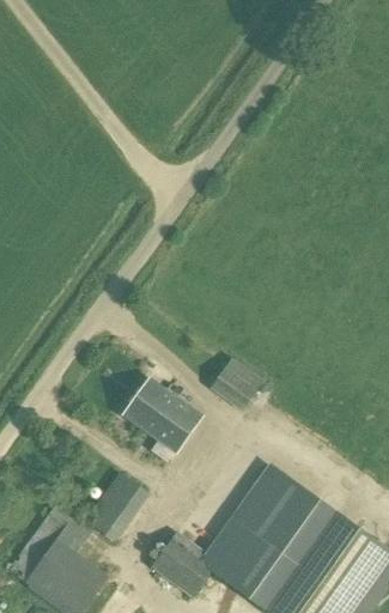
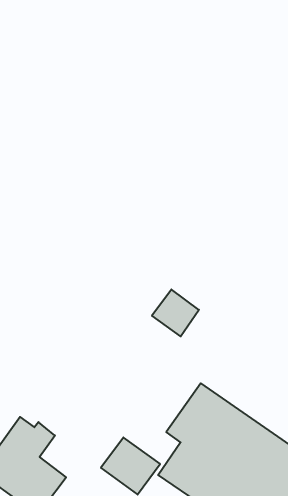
building: [122,378,202,454] -> none
building: [92,467,154,536] -> none

